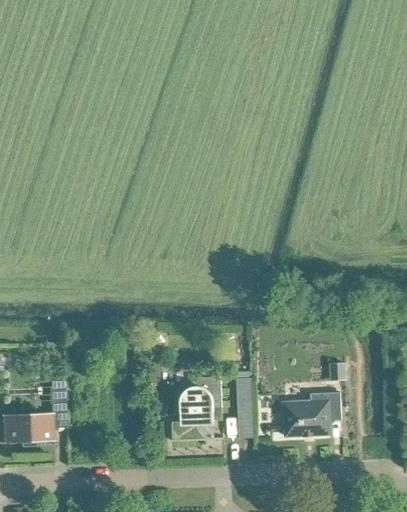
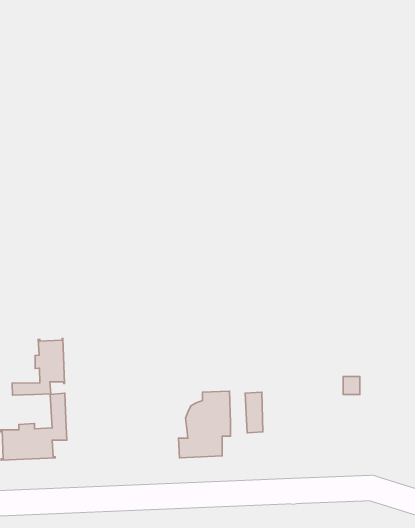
building: none -> [12,338,65,395]
building: [284,392,341,436] -> none

